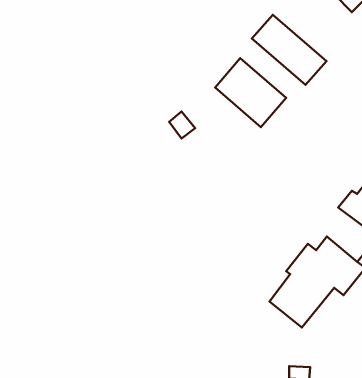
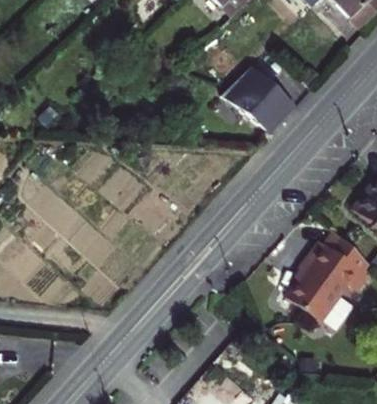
building: [252,15,326,85] -> none

